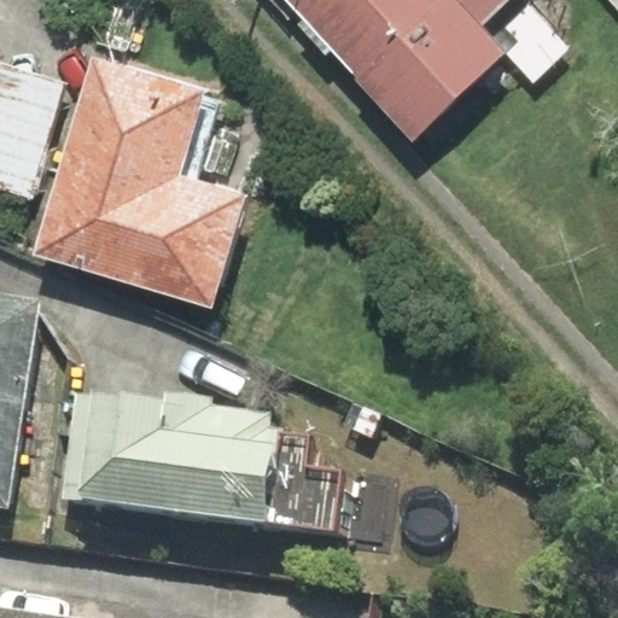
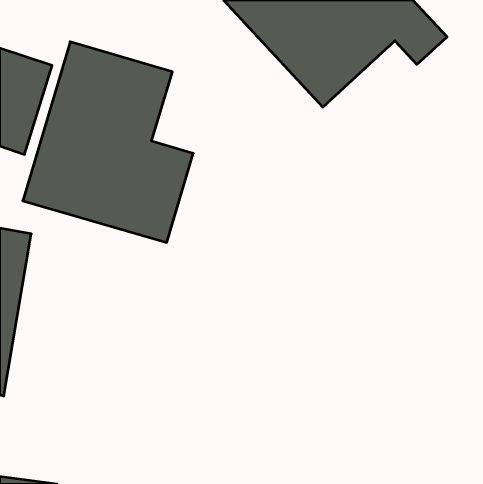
building: [60,390,342,530] -> none

